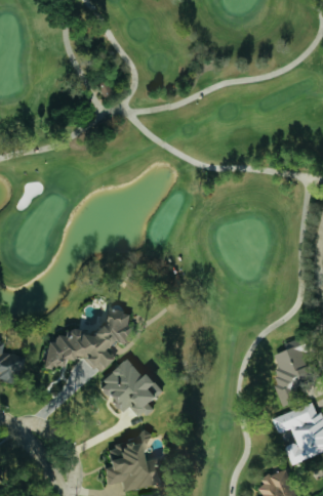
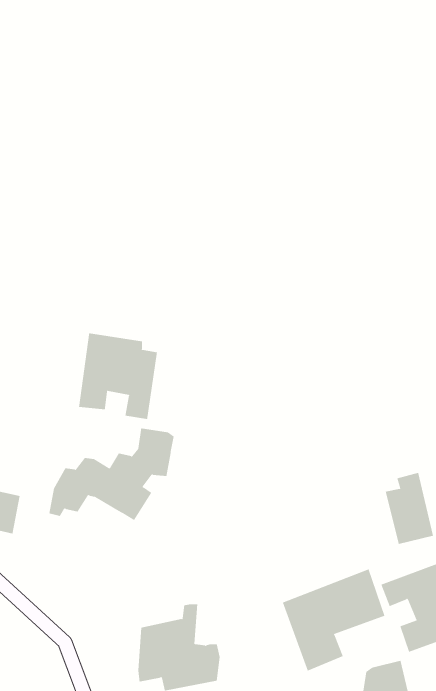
building: none -> [78,332,157,420]
building: [97,358,159,420] -> none
building: none -> [282,568,385,672]

